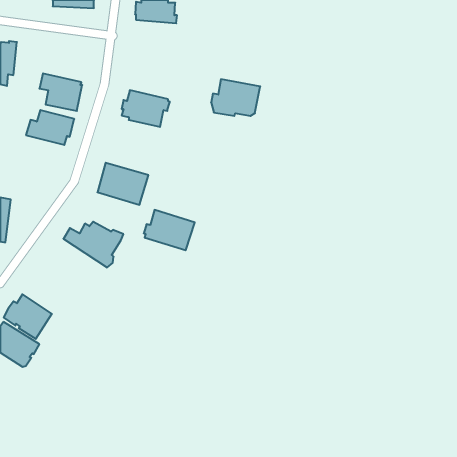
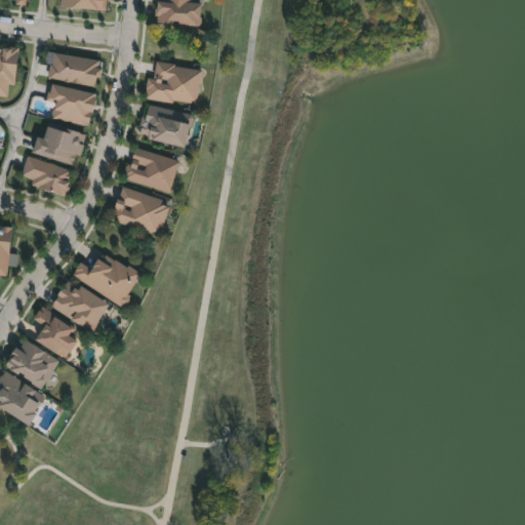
building: none -> [47,53,102,87]
building: [211,79,260,116] -> [146,60,202,103]
building: none -> [23,157,74,197]
building: [144,210,195,250] -> [124,148,183,194]
building: none -> [51,281,109,331]
building: none -> [33,306,77,358]

